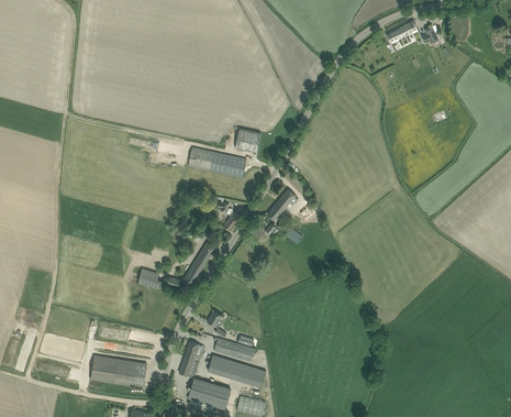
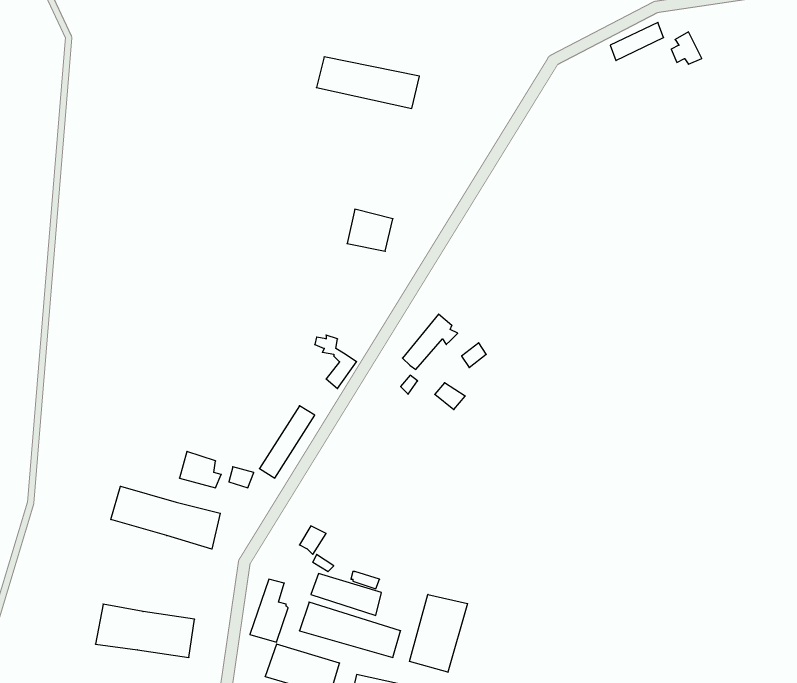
building: [187,147,246,177] -> [316,57,419,108]
building: none -> [111,486,220,549]
building: none -> [410,594,468,672]

